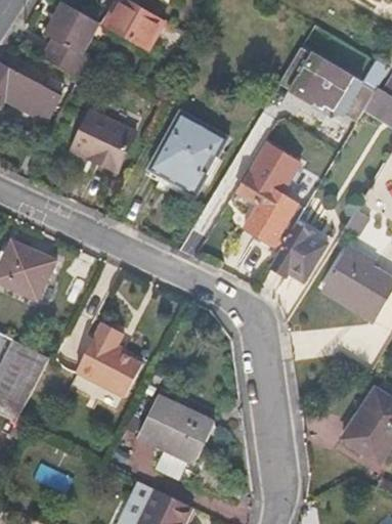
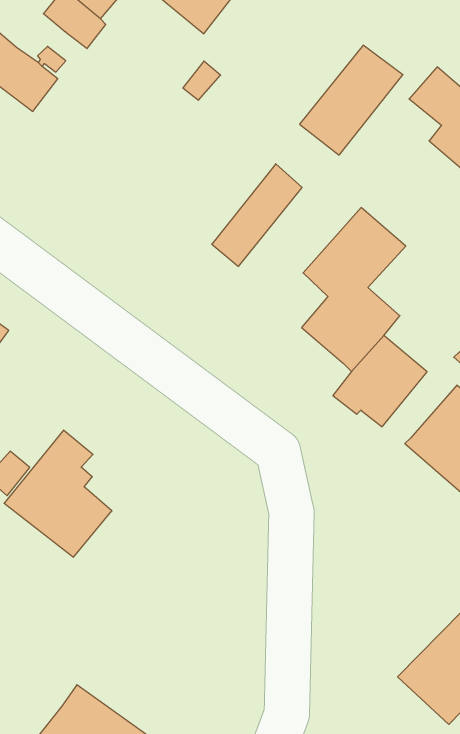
building: [70,110,134,172] -> none
building: [146,111,207,183] -> [300,45,403,155]
building: [138,395,213,482] -> none

